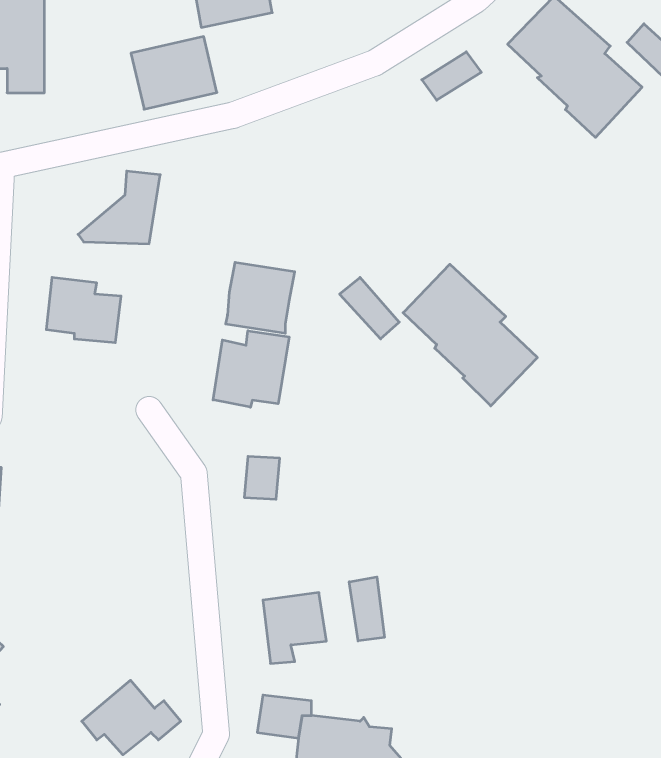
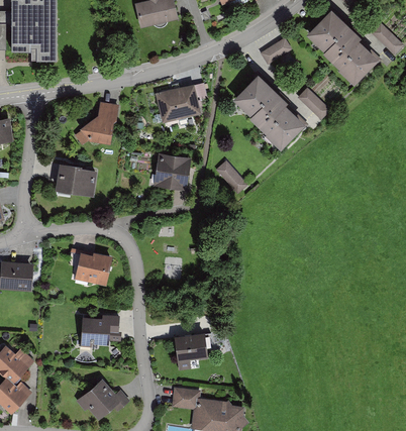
building: [131,37,217,109] -> [155,84,201,123]
building: none -> [297,88,330,120]
building: [403,264,537,406] -> [232,73,305,149]
building: [213,331,289,407] -> none
building: none -> [74,250,112,286]
building: none -> [80,314,119,347]
building: [349,577,384,641] -> none

